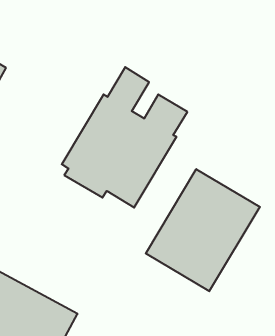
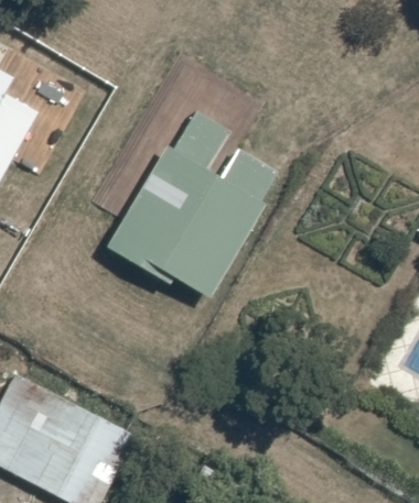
building: [146,169,260,291] -> none

